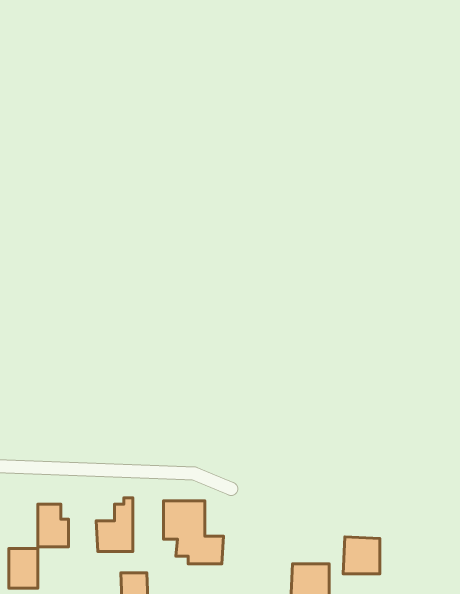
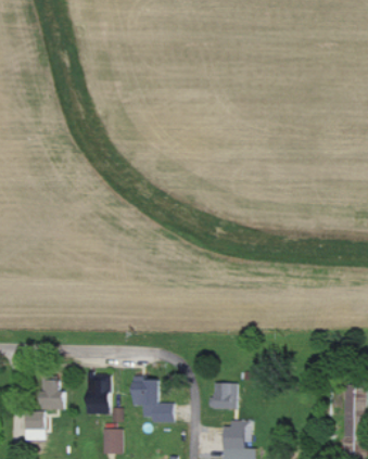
building: [343,537,380,574] -> [210,382,236,408]

